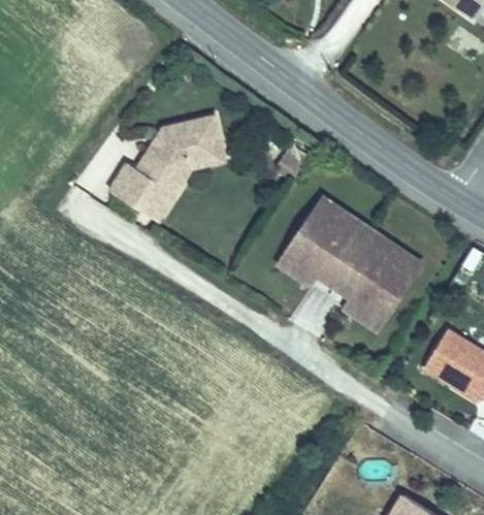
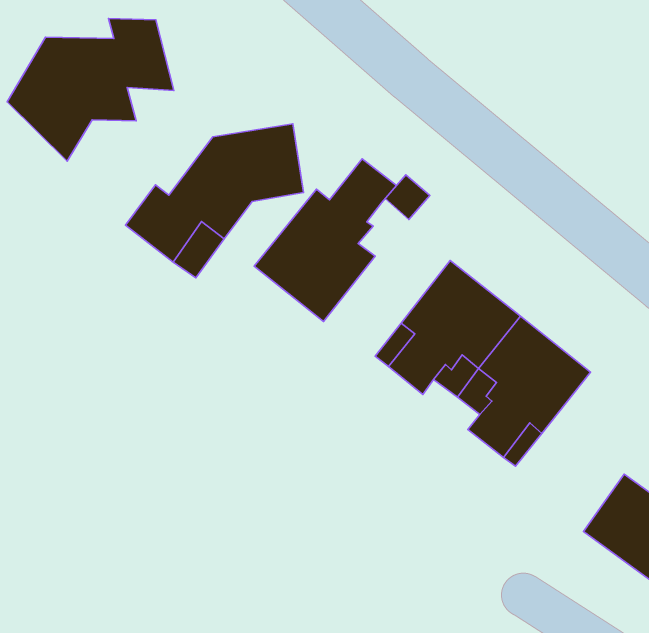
building: none -> [7,18,174,161]
building: none -> [254,159,397,321]

